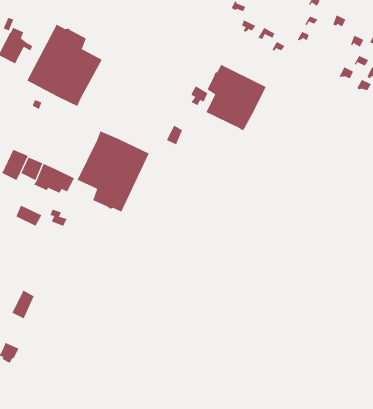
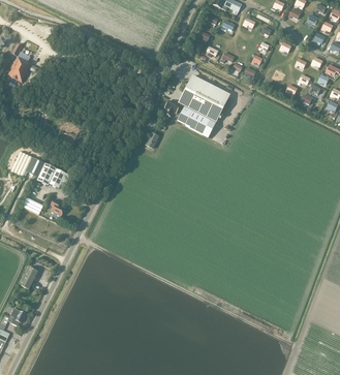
building: [27,24,103,107] -> none
building: [77,131,149,212] -> none

